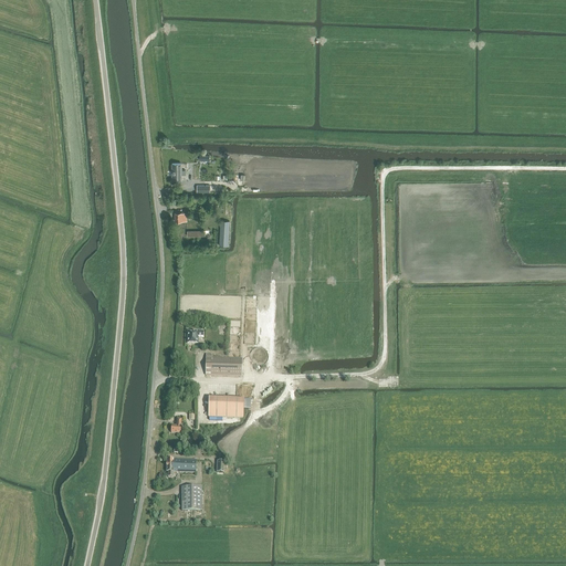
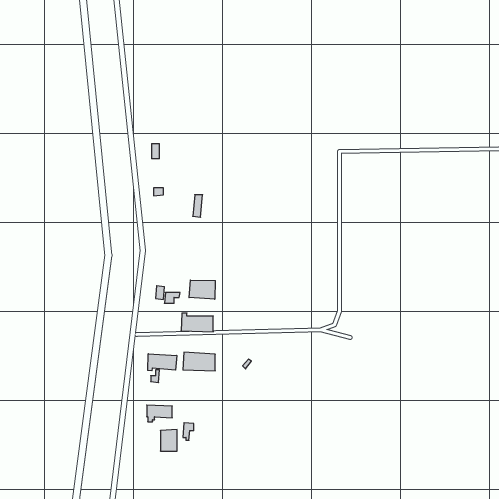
building: none -> [189,280,215,299]
building: none -> [148,354,177,371]

